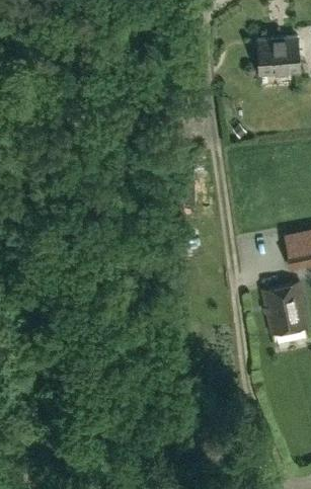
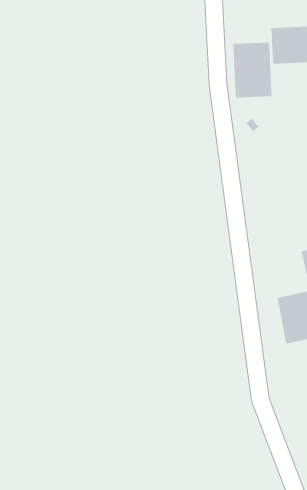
building: none -> [232,42,273,98]

